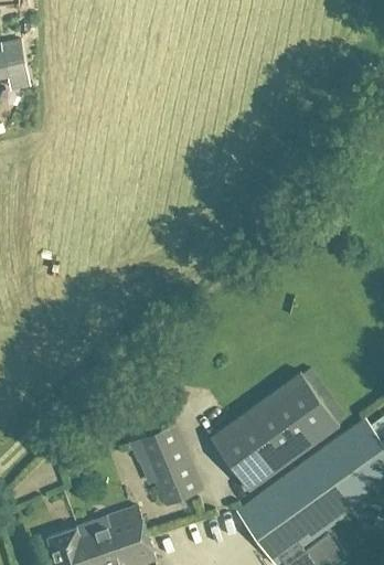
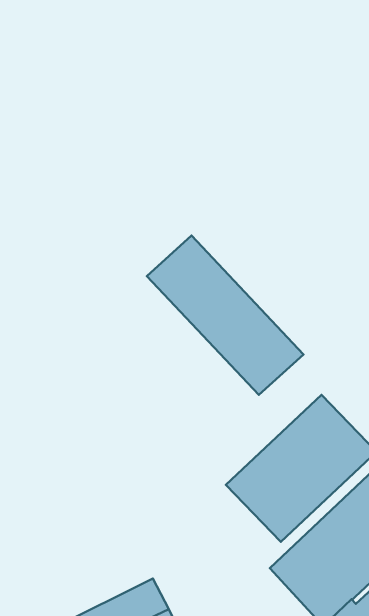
building: none -> [147,236,303,395]
building: [130,424,204,505] -> none

